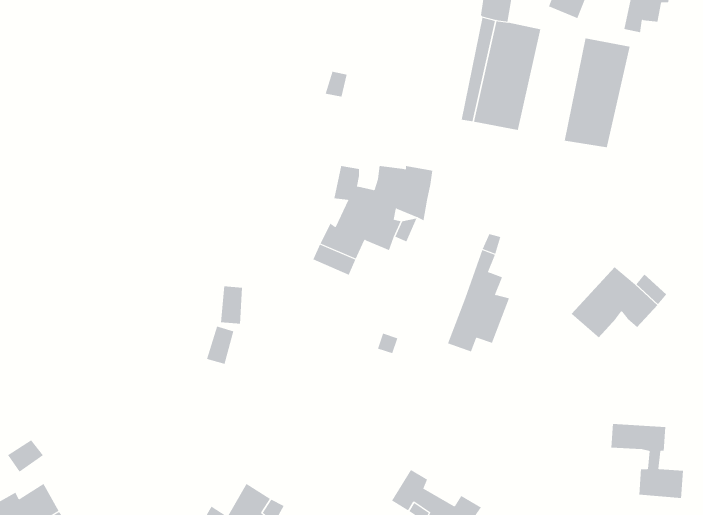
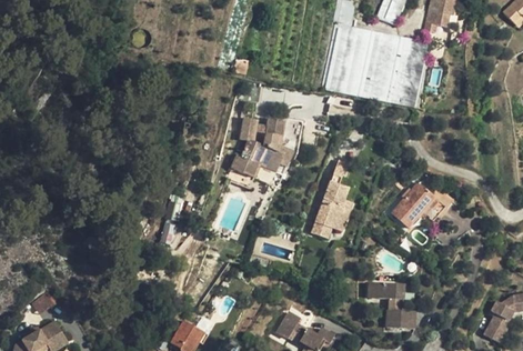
building: none -> [358,31,400,102]
building: [610,423,684,498] -> [369,281,415,329]

